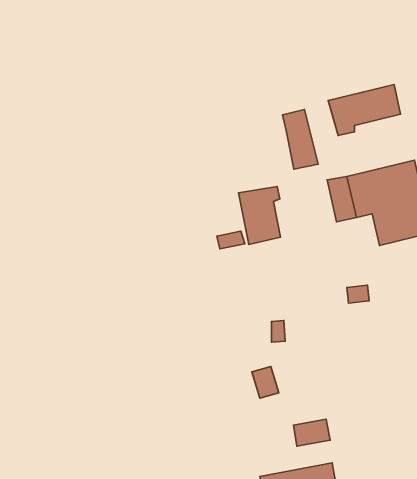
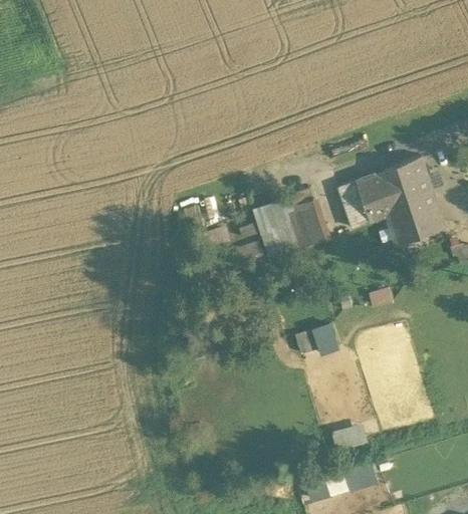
building: [328,84,400,136] -> none
building: [283,110,318,169] -> [289,189,328,248]
building: [252,366,279,398] -> [308,321,336,353]

